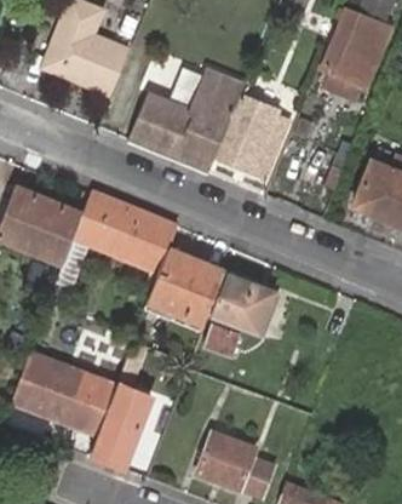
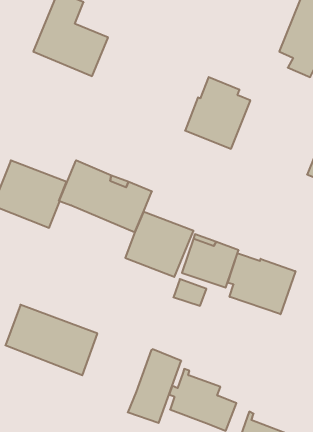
building: [128,73,243,173] -> none
building: none -> [228,253,295,314]
building: [90,386,150,470] -> [128,349,181,423]

